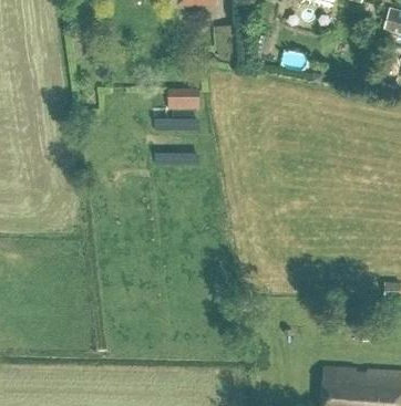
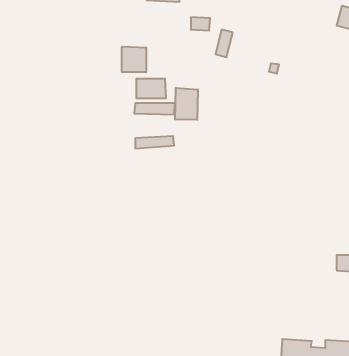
building: none -> [122,47,146,72]
building: none -> [175,88,198,120]

